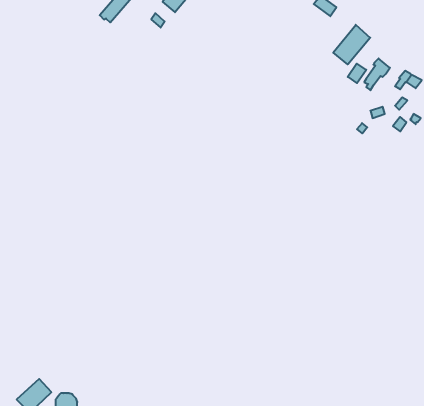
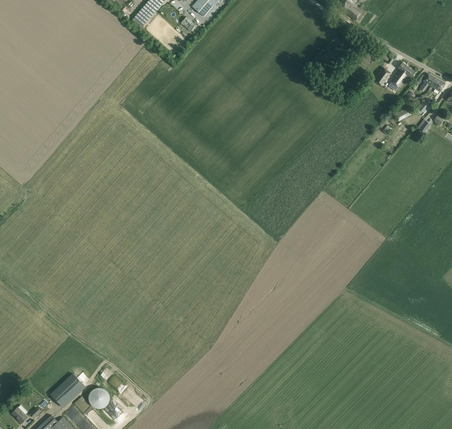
building: [333,25,370,64] -> none

